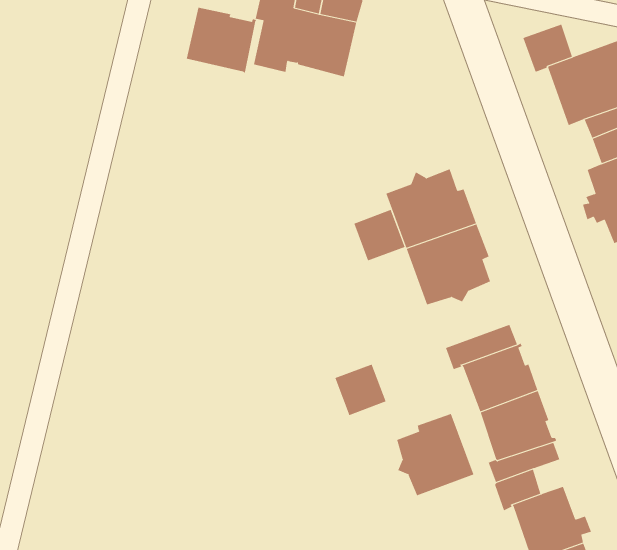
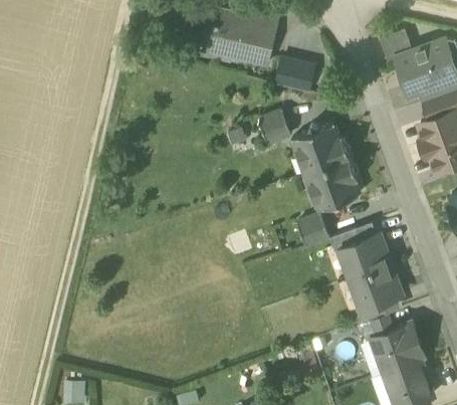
building: [186,7,257,74] -> none
building: none -> [275,59,315,93]
building: [353,209,405,261] -> [258,110,291,143]
building: [335,364,386,416] -> [296,213,329,246]
building: [396,413,474,496] -> none

